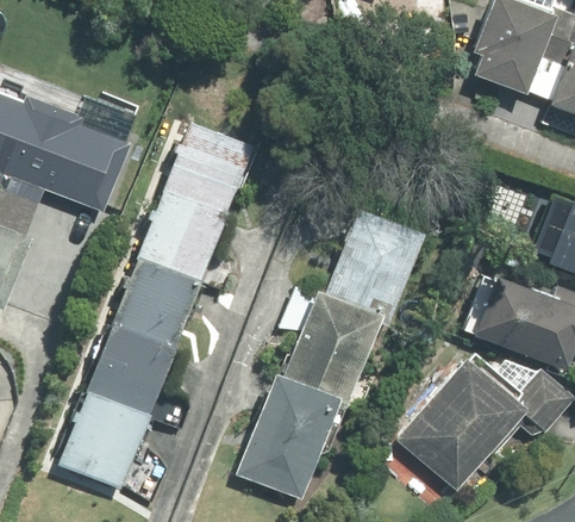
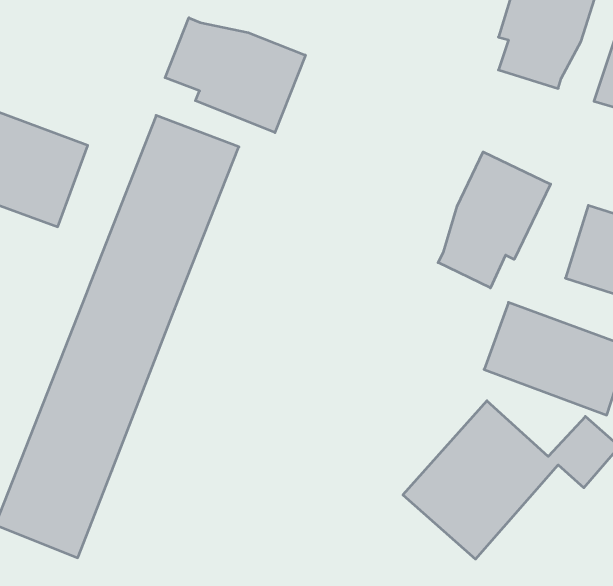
building: none -> [165,18,305,133]
building: none -> [438,152,551,288]
building: [238,207,420,498] -> none

